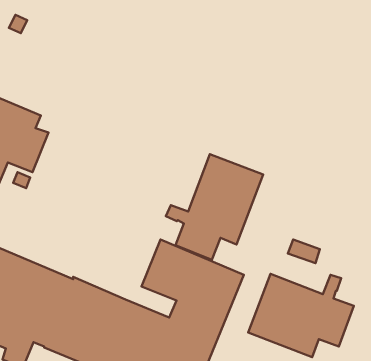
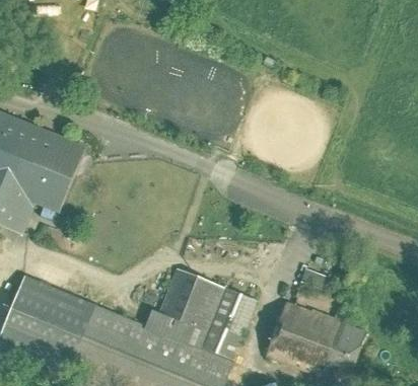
building: [166,154,263,260] -> none

